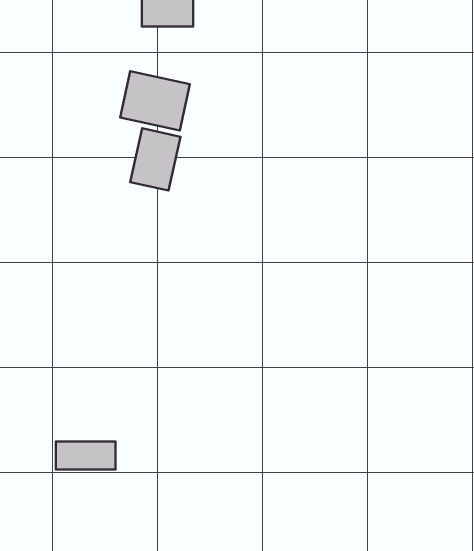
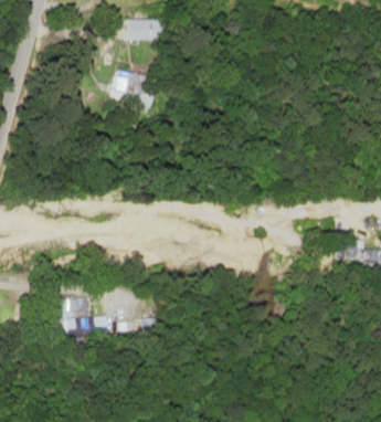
building: [130,128,180,191] -> none

